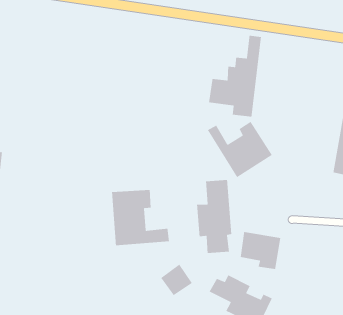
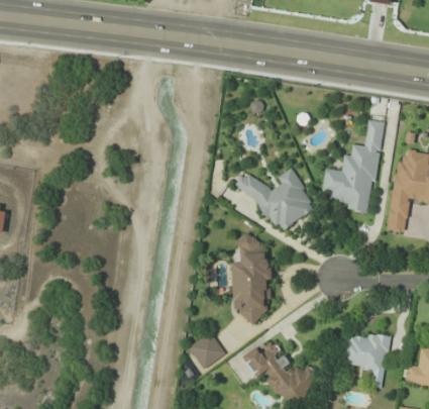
building: [208,35,262,118] -> [321,120,383,215]
building: [111,189,170,246] -> none
building: [240,231,281,270] -> [342,332,390,377]

